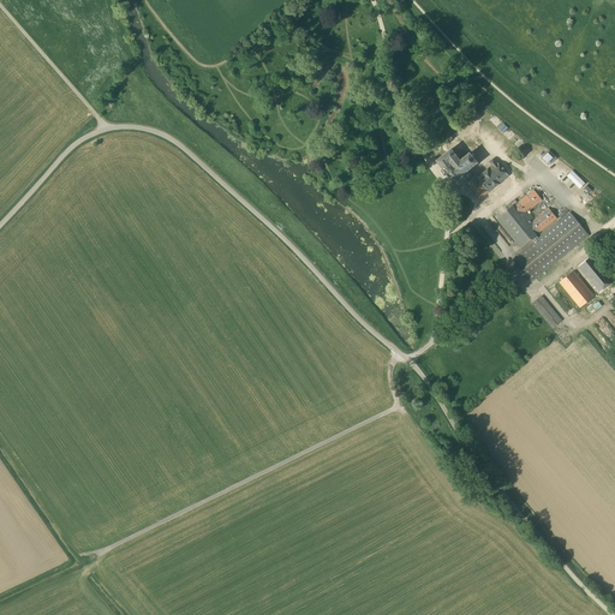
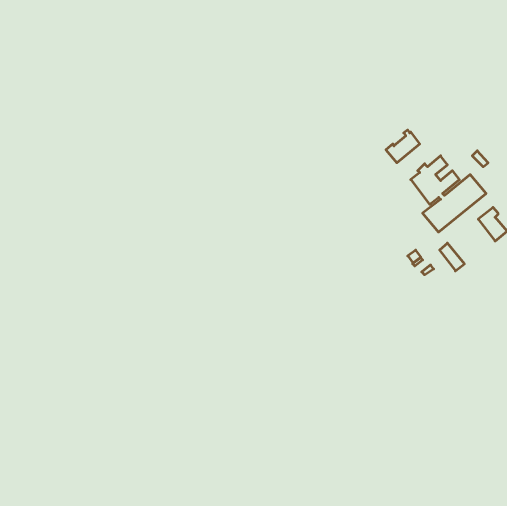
building: [437,149,477,181] -> none
building: [559,270,595,308] -> none

